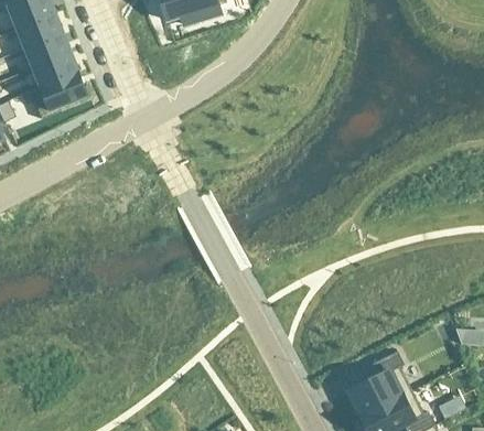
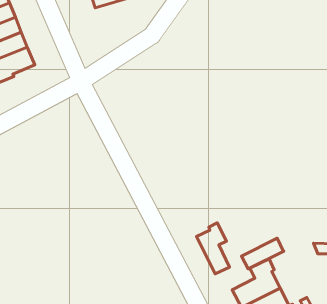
building: none -> [197,223,229,274]
building: none -> [241,238,284,269]

